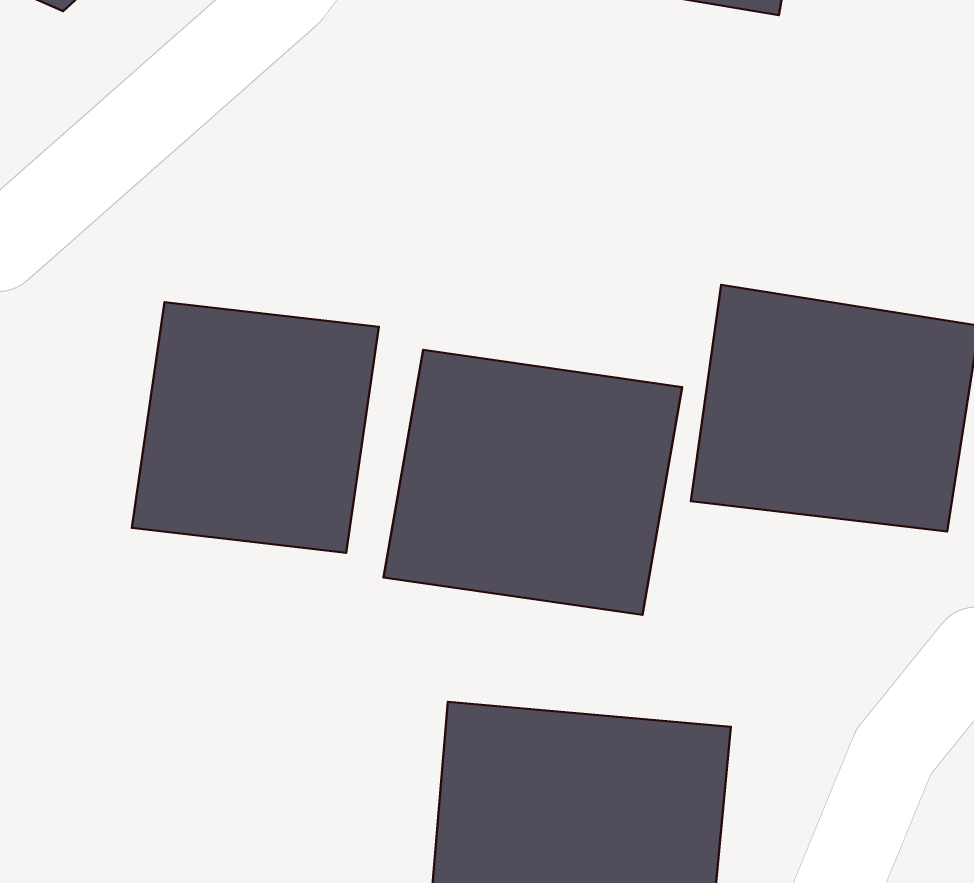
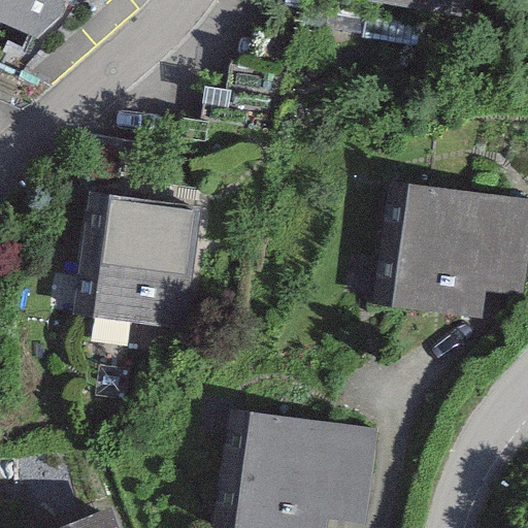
building: [384,350,682,615] -> none

